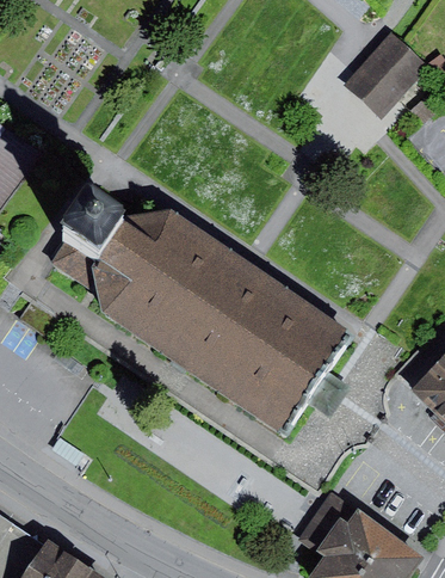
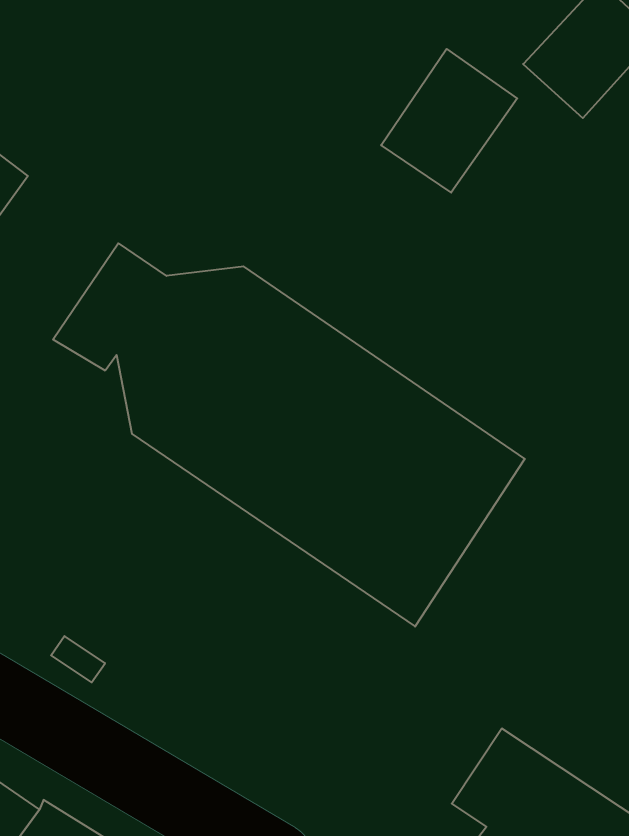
building: none -> [381,49,517,193]

